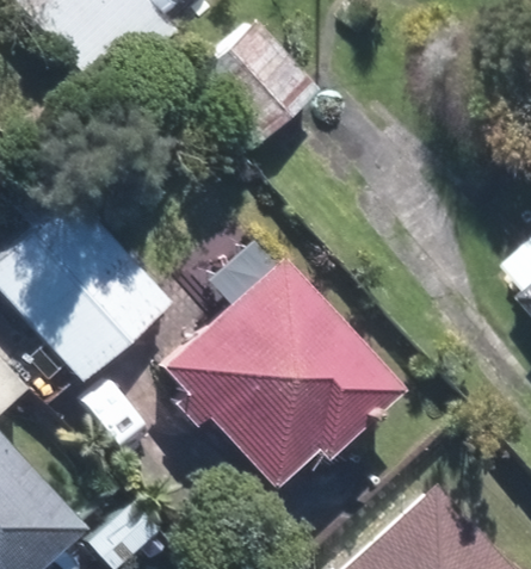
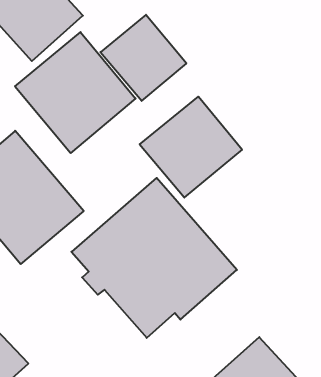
building: none -> [15,32,136,153]
building: none -> [140,97,242,198]

